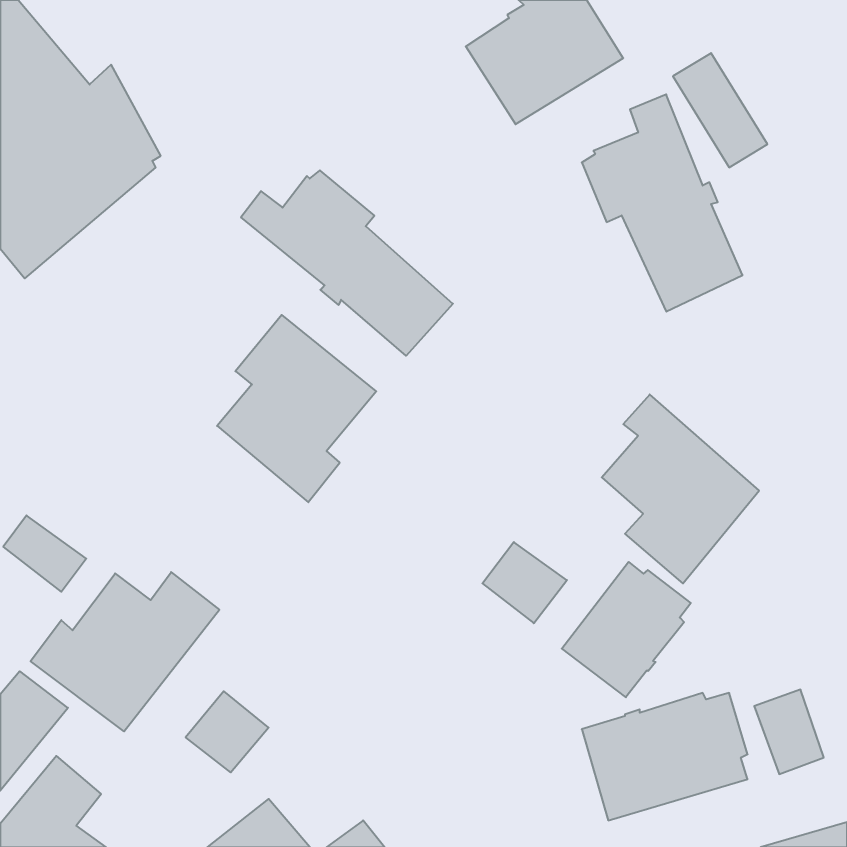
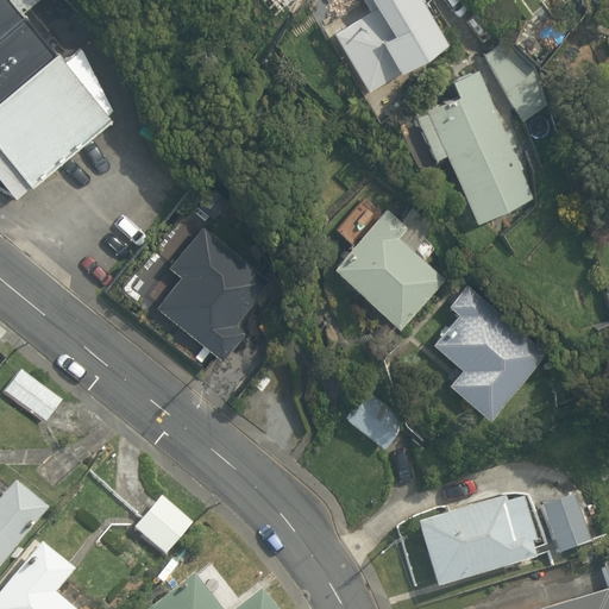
building: [241,170,453,356] -> none
building: none -> [334,207,444,328]
building: [562,562,691,697] -> none
building: [31,572,219,731] -> none

